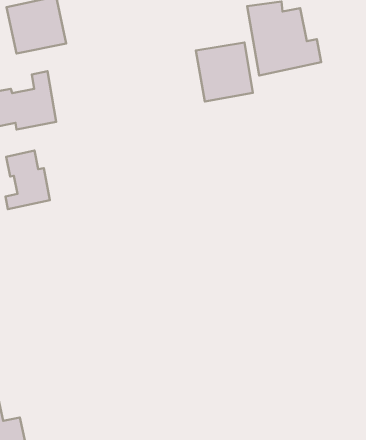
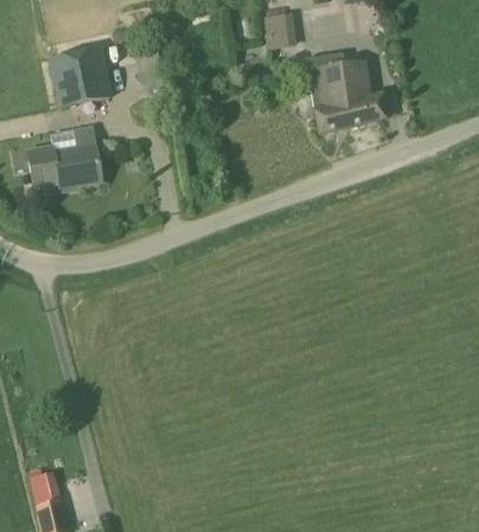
building: [196,43,253,102] -> none
building: [5,151,50,209] -> none

